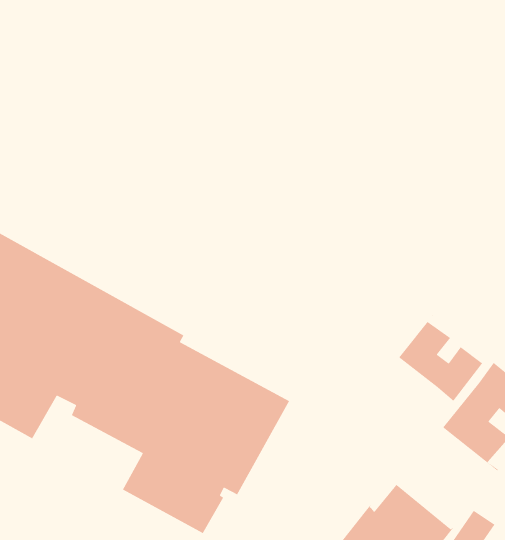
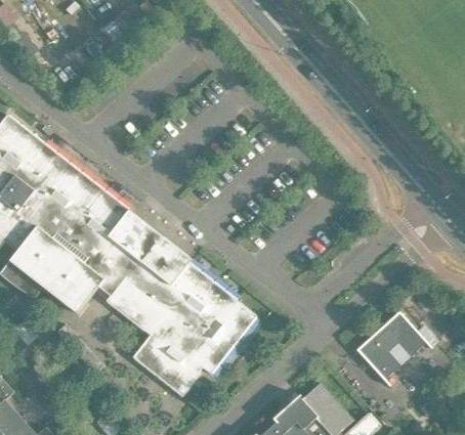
building: [398,313,489,402] -> none

